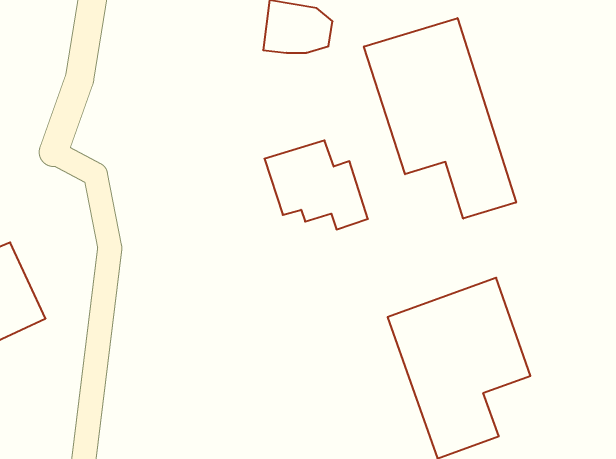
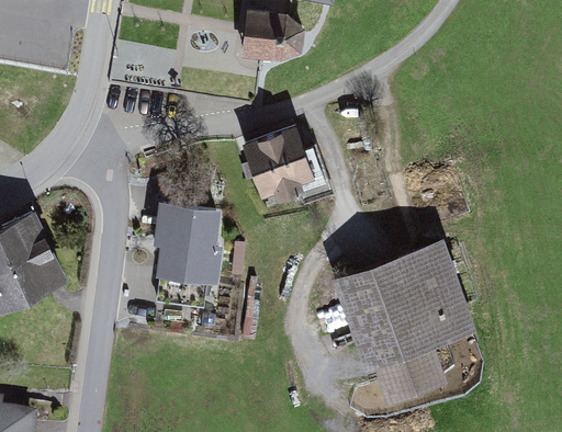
building: [364,18,516,219] -> none
building: none -> [157,204,217,307]

